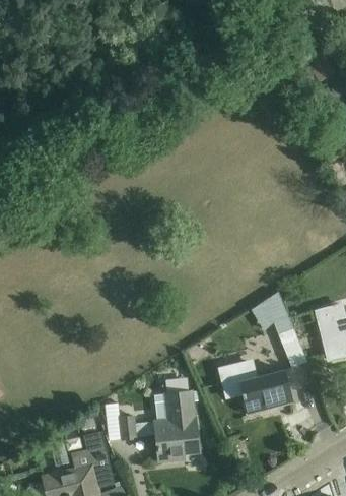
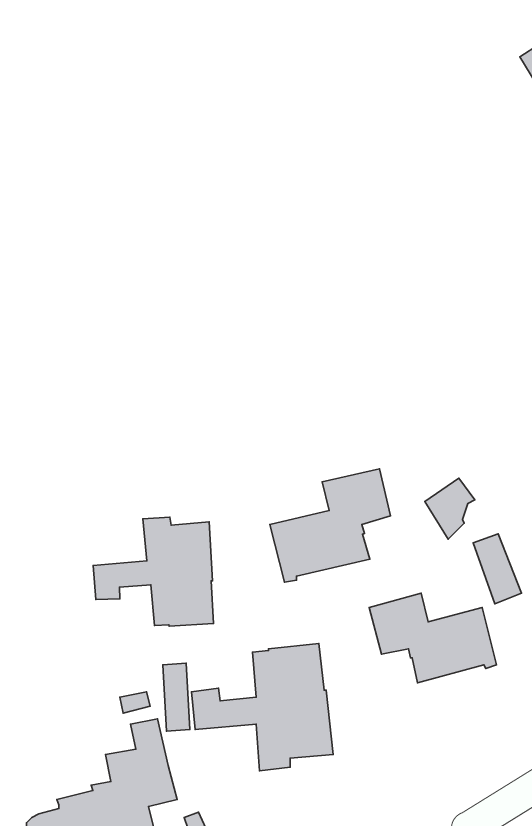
building: none -> [270,469,390,582]
building: none -> [93,517,213,626]

